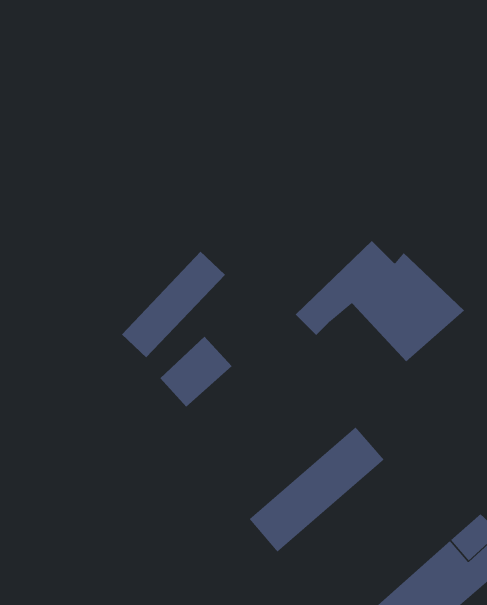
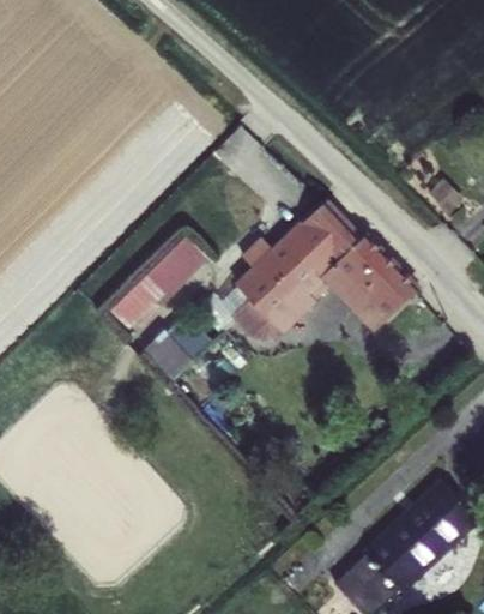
building: none -> [228,209,338,339]
building: [249,426,384,553] -> none

